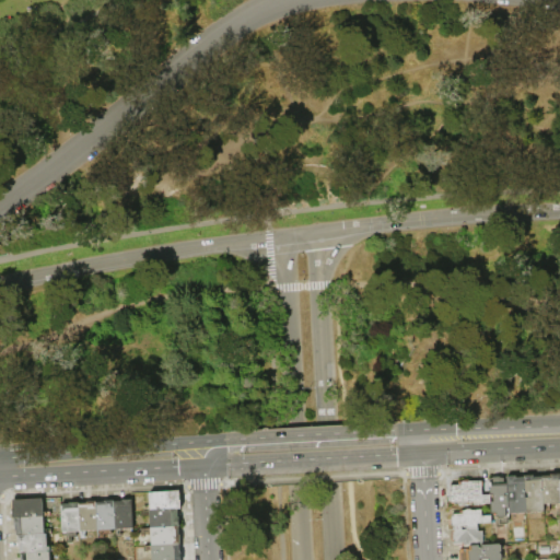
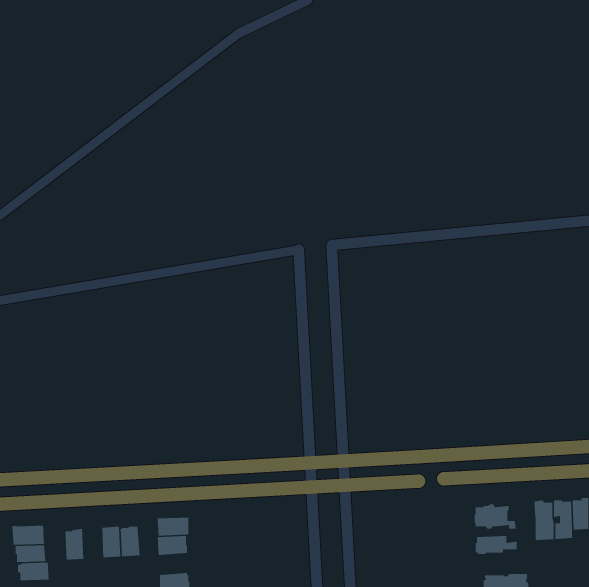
building: [489,477,508,520] -> none
building: [79,502,97,533] -> none
building: [150,527,179,547] -> none
building: [451,527,483,547] -> none

